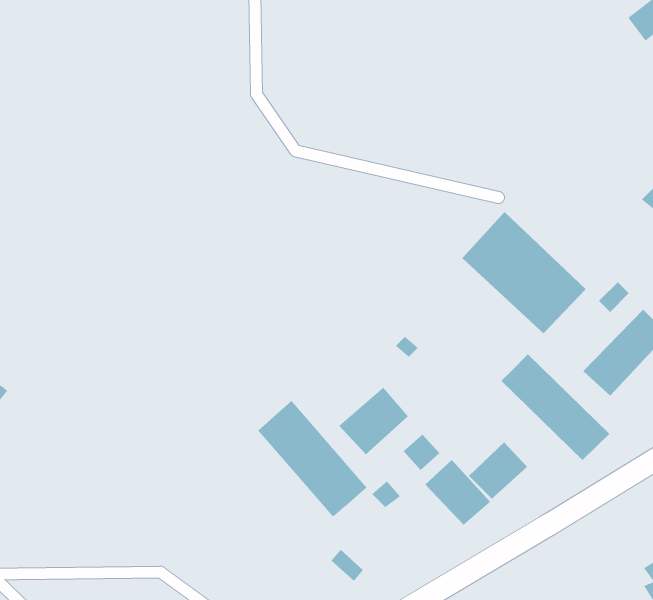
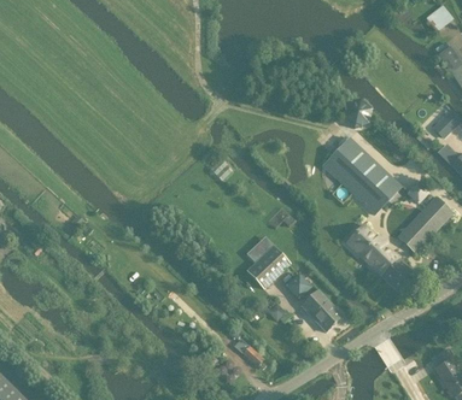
building: [257,400,367,517] -> none
building: [468,441,528,500] -> none

